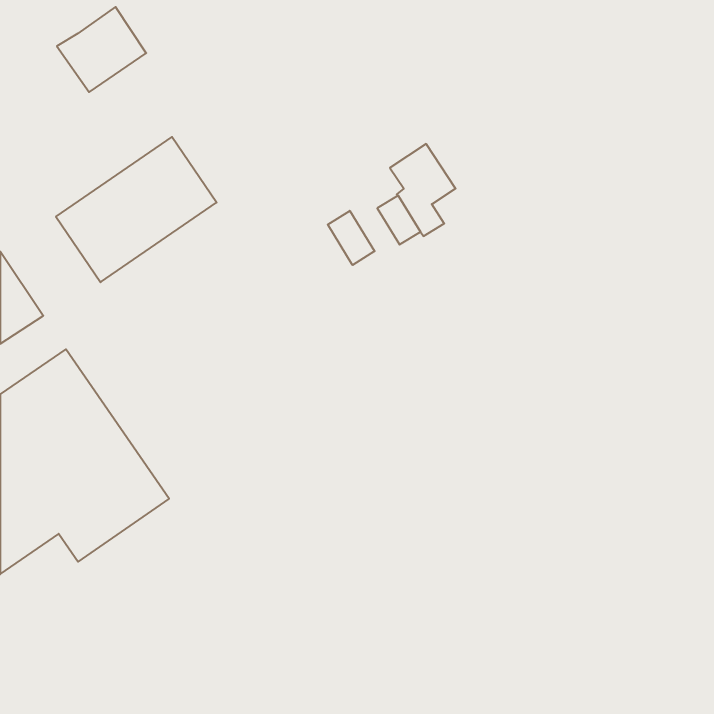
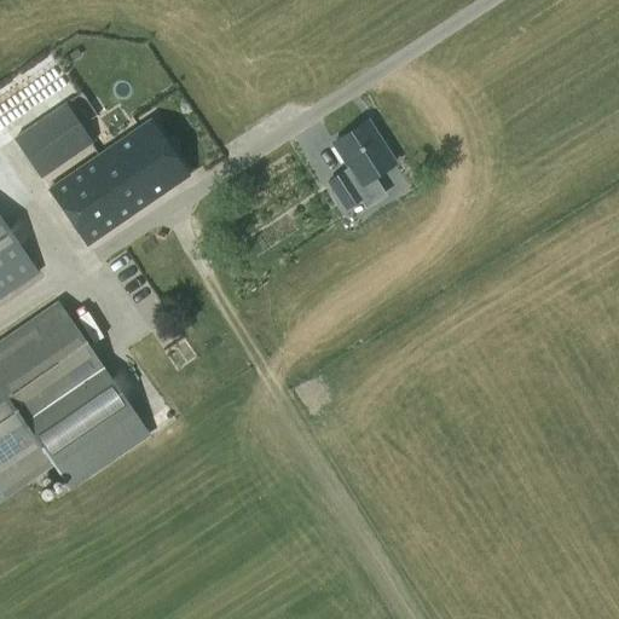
building: [57,7,146,92] -> [13,103,91,177]
building: [328,211,375,265] -> none

